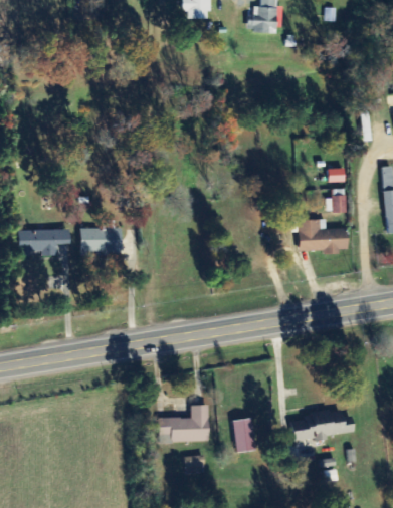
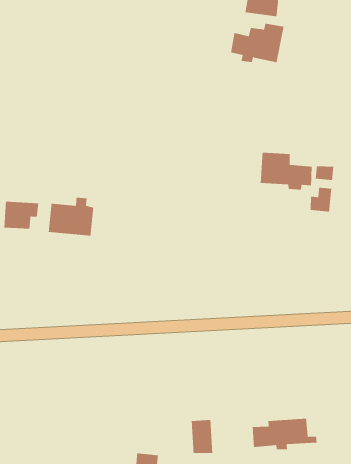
building: none -> [230,23,285,63]
building: [298,219,348,253] -> [260,152,313,191]
building: [159,405,209,442] -> none

